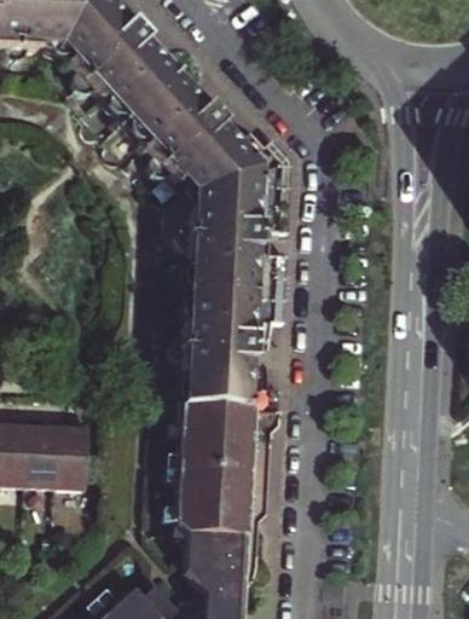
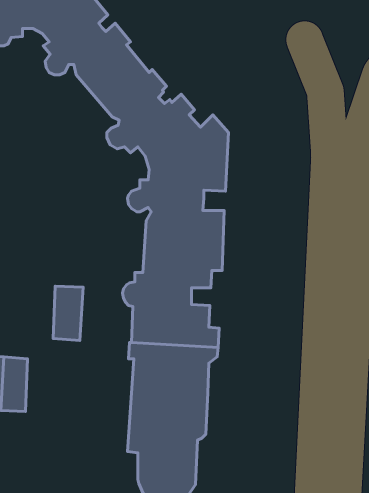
building: [50,424,85,488] -> [53,286,83,341]

